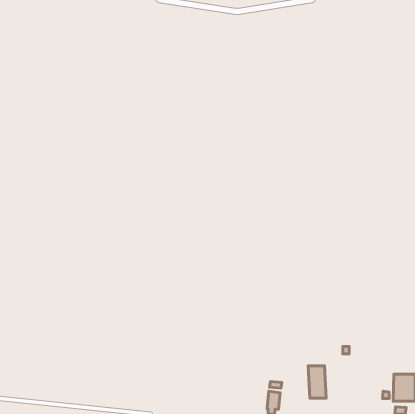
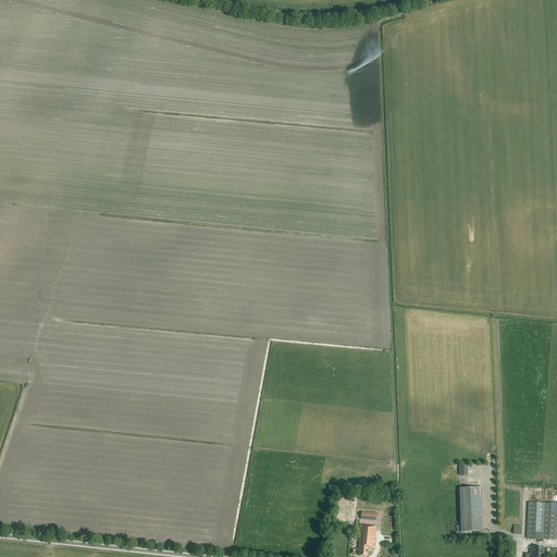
building: [308,366,326,398] -> [459,487,483,531]

